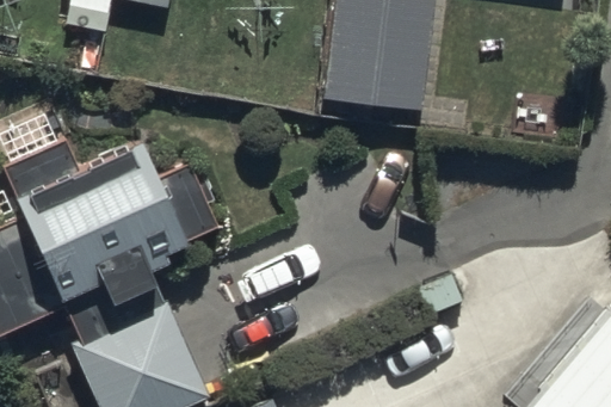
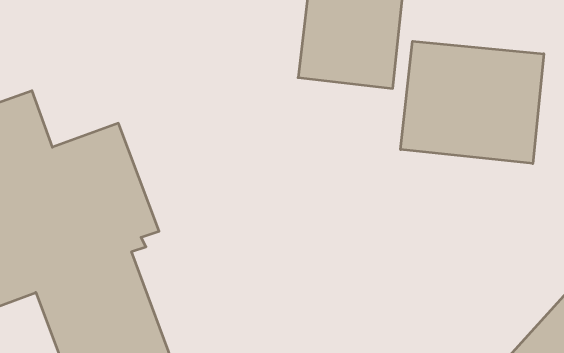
building: none -> [401,41,544,164]

